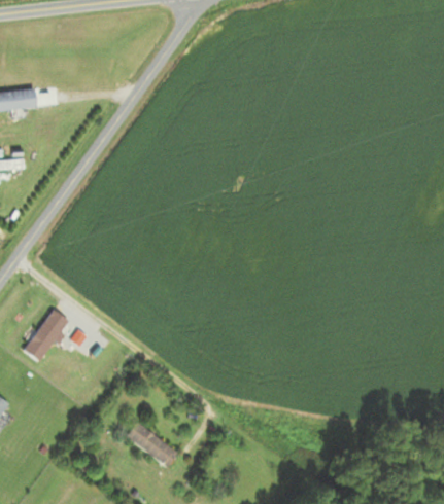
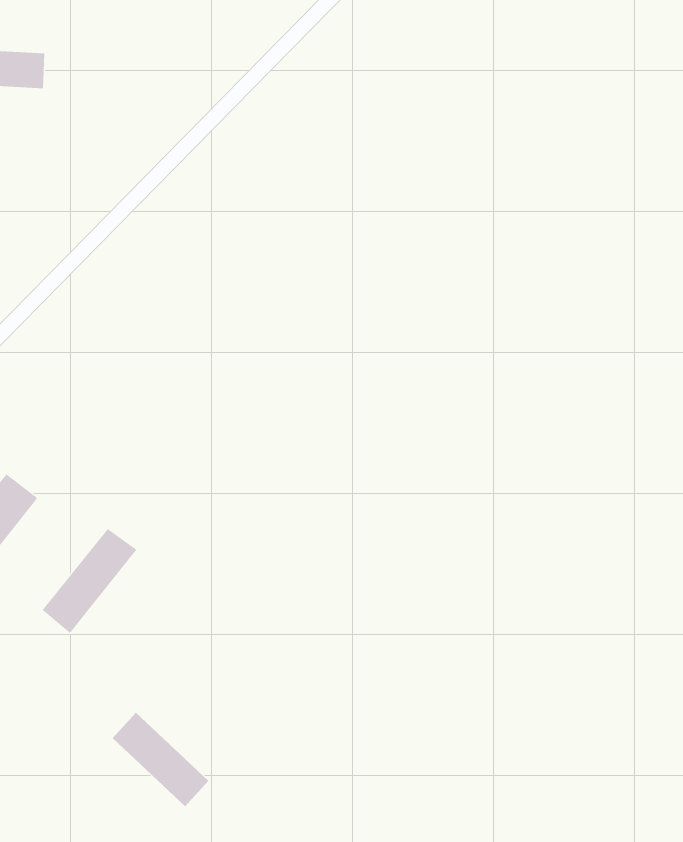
building: none -> [42,528,137,634]

